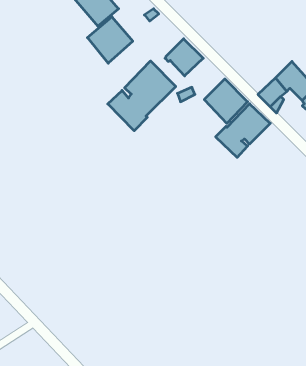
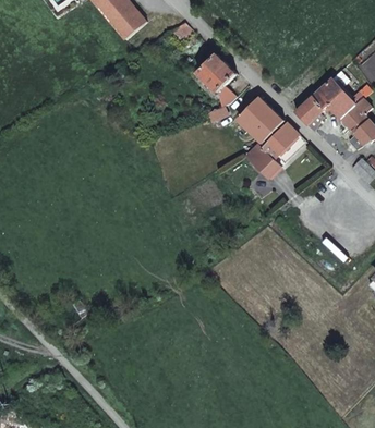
building: [87,17,133,63] -> none
building: [108,61,176,131] -> none

